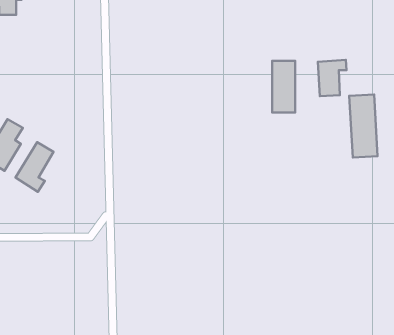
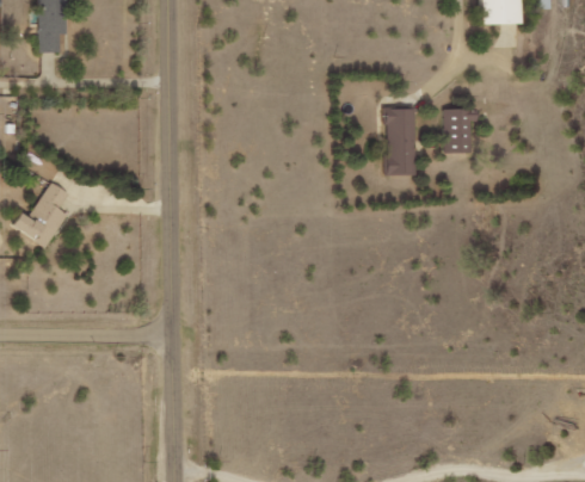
building: [349,94,377,158] -> none
building: [16,142,54,192] -> none

